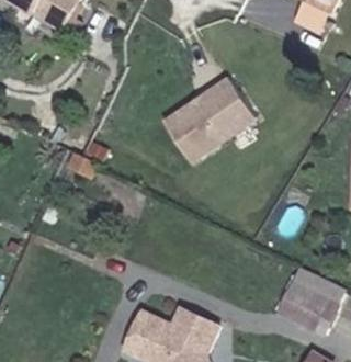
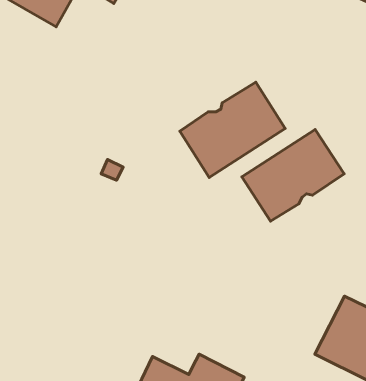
building: none -> [242,129,344,221]

